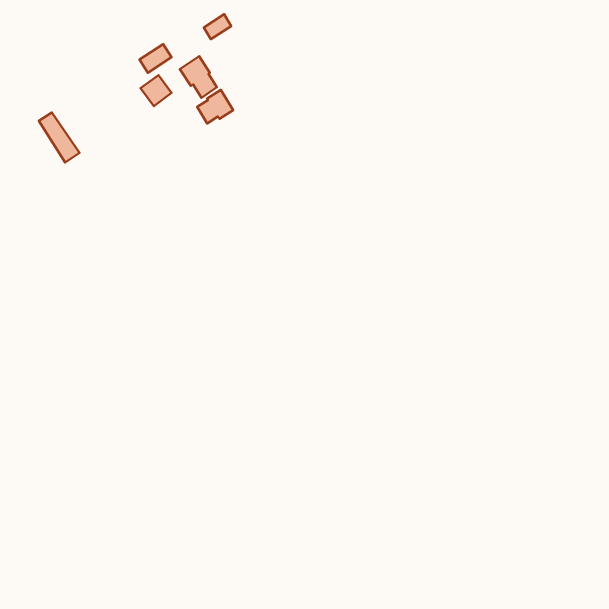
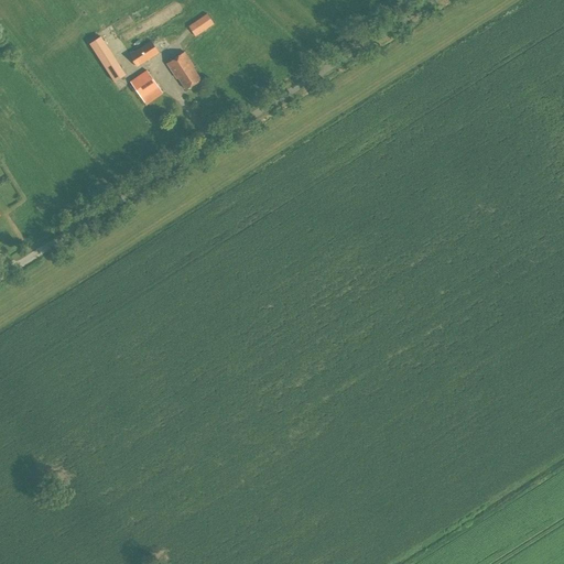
building: [197,90,233,123] -> none
building: [39,112,79,162] -> [90,35,128,82]

